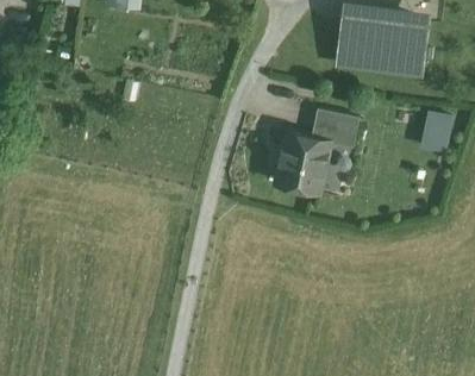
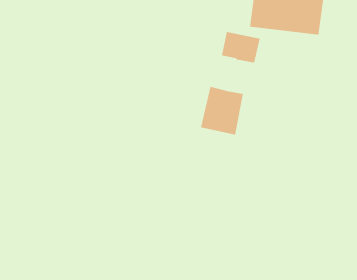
building: [311,108,360,148] -> [221,32,261,63]
building: [420,109,455,152] -> none

